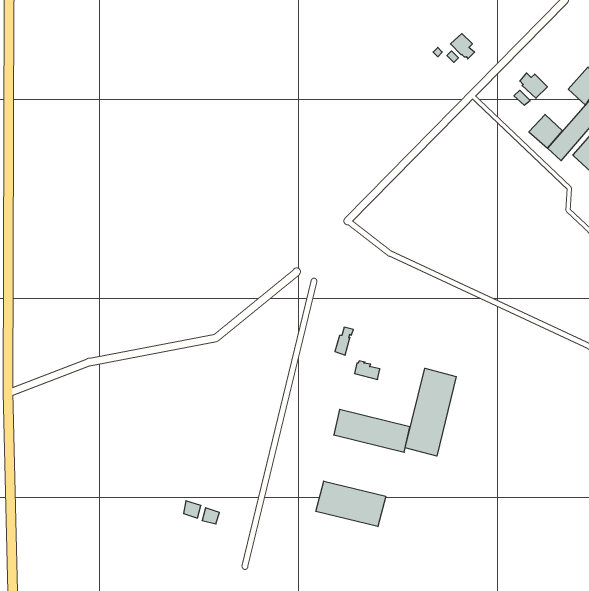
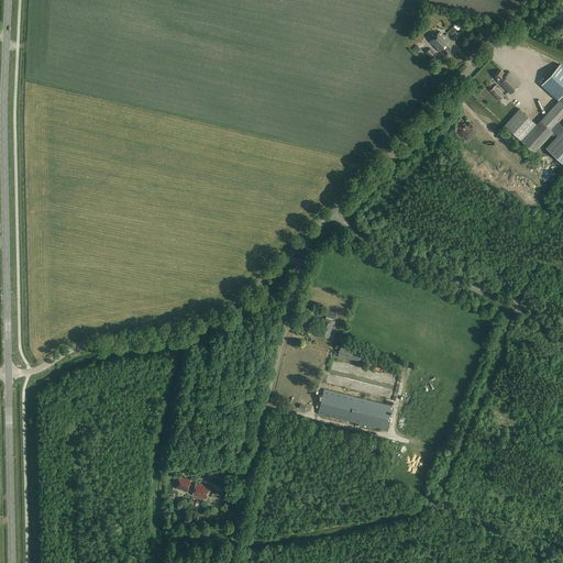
building: [405,368,456,456] -> none
building: [316,481,386,527] -> none

